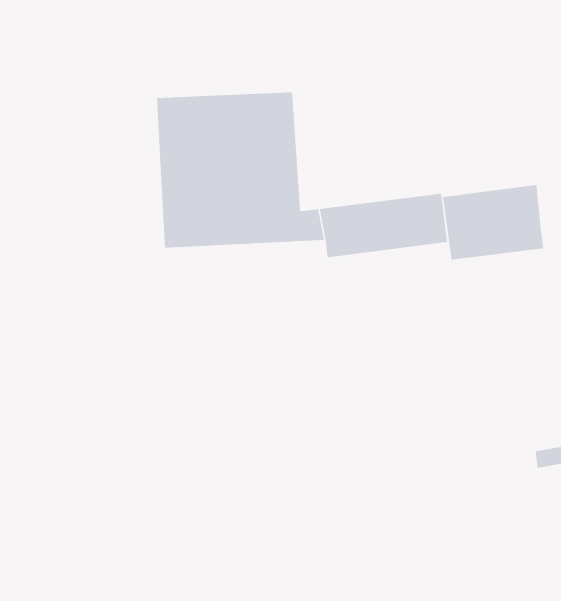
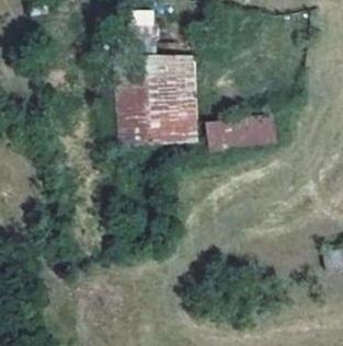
building: [442,184,544,261] -> none

